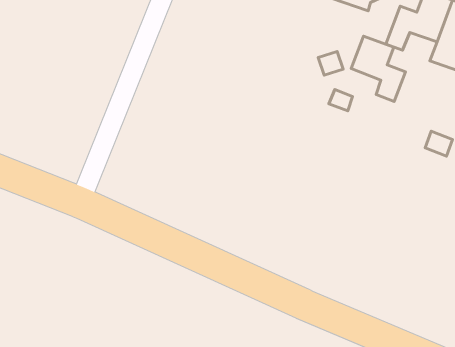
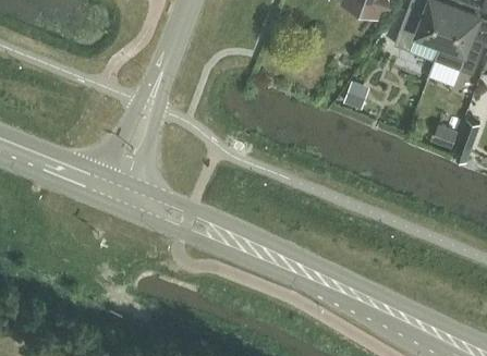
building: [351,36,405,102] -> none

